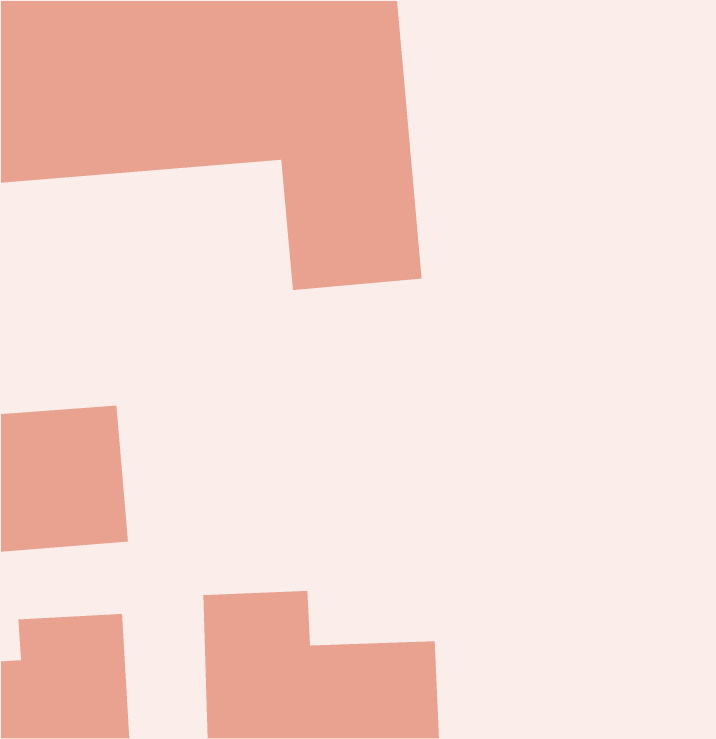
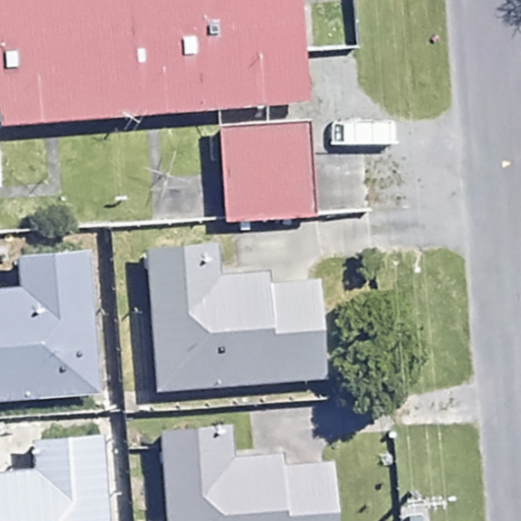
building: none -> [146,240,314,388]

